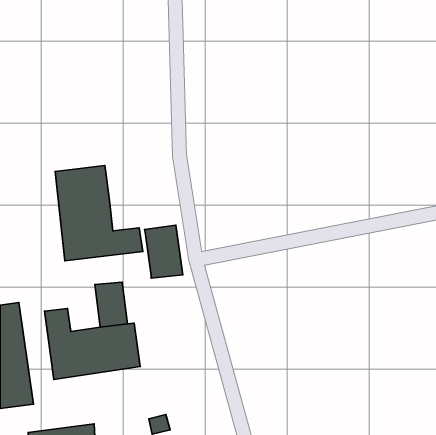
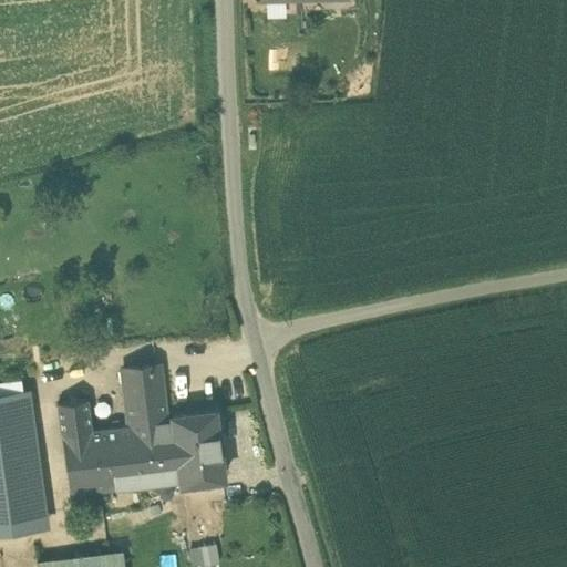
building: [55,165,143,261] -> none
building: [144,225,183,278] -> [174,412,224,481]

